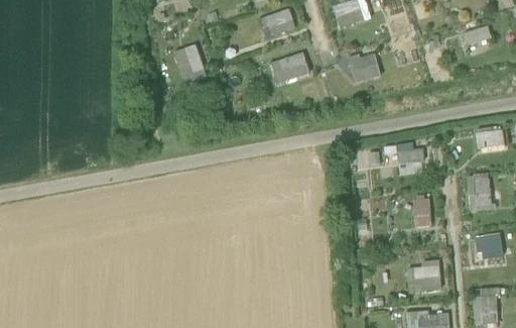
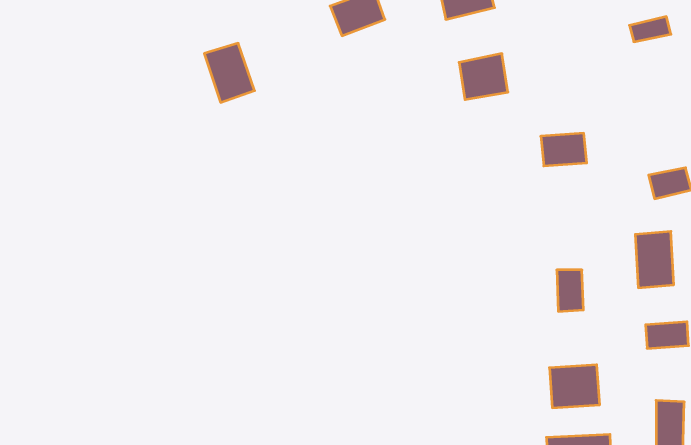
building: [270,51,310,85] -> none
building: [395,144,426,167] -> [541,133,587,166]

